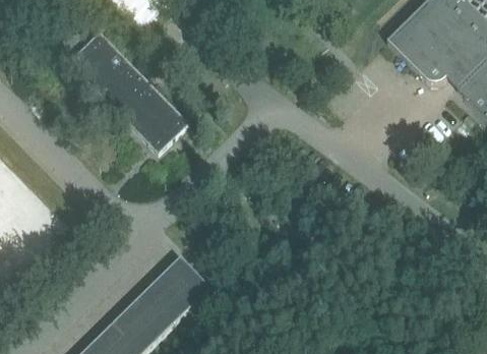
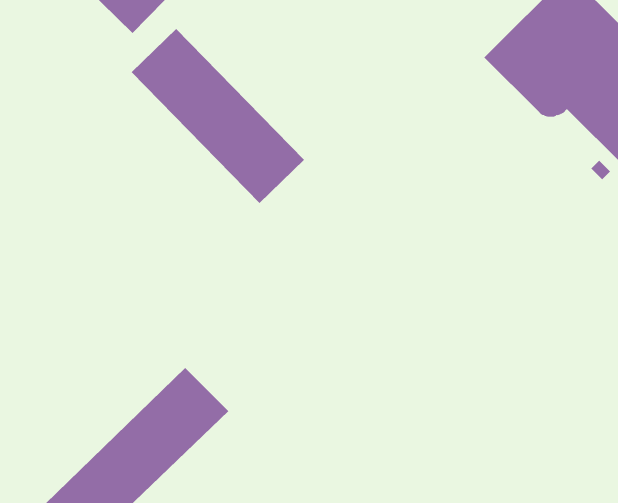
building: [68,32,189,154] -> [131,28,305,204]

